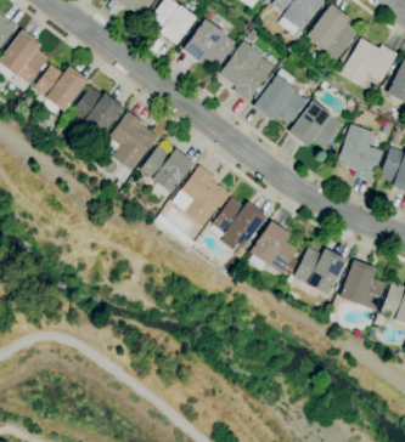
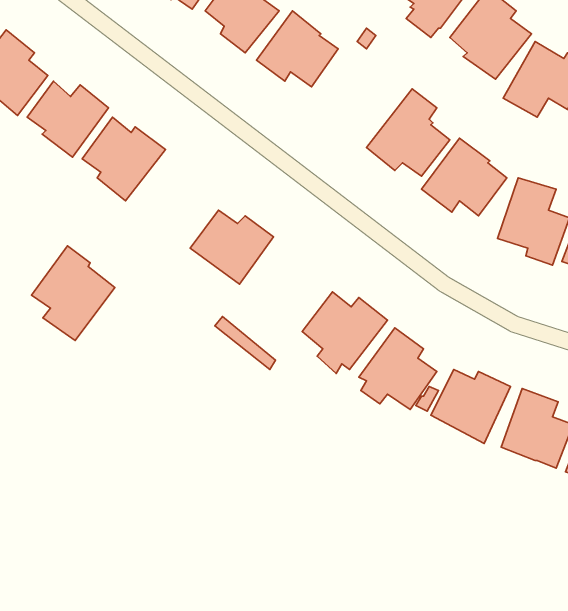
building: [219,41,272,101] -> none
building: [105,110,158,171] -> [31,246,115,341]
building: [173,165,231,226] -> none

